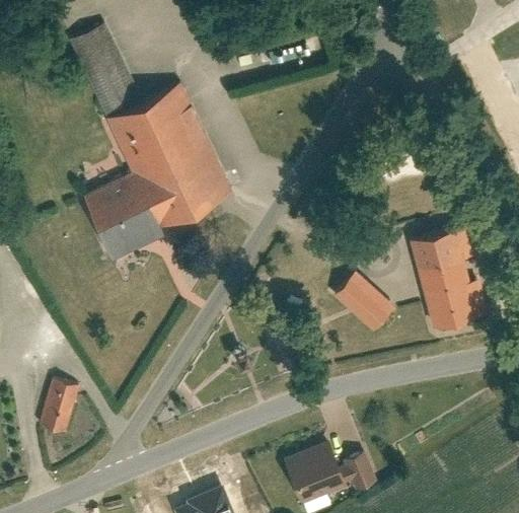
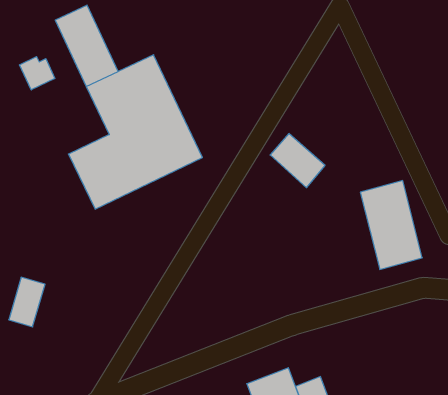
building: none -> [20,57,55,90]
building: [333,271,396,333] -> [270,134,325,188]
building: [40,374,81,431] -> [9,277,45,327]

